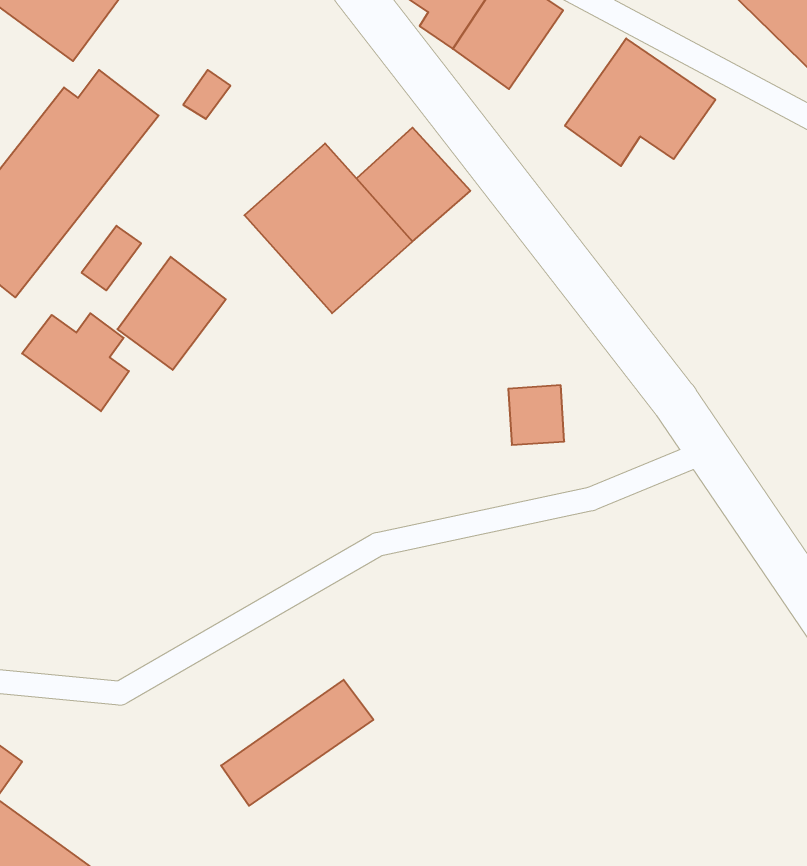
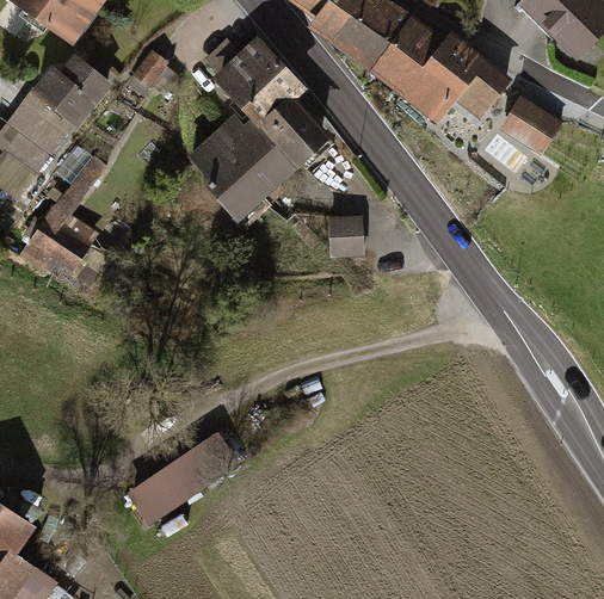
building: none -> [362,12,437,91]
building: none -> [209,32,302,126]
building: none -> [494,94,555,152]
building: [117,257,226,370] -> none
building: [508,385,564,445] -> [323,212,362,253]
building: [221,680,373,806] -> [129,437,233,523]

